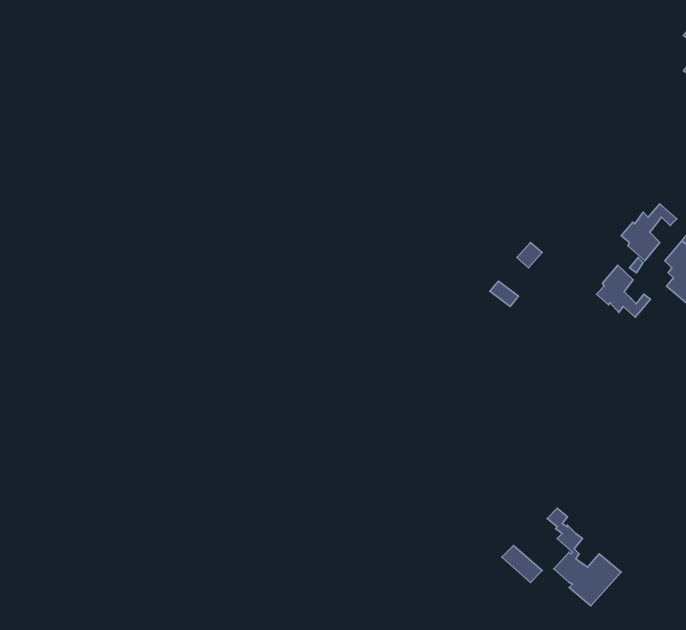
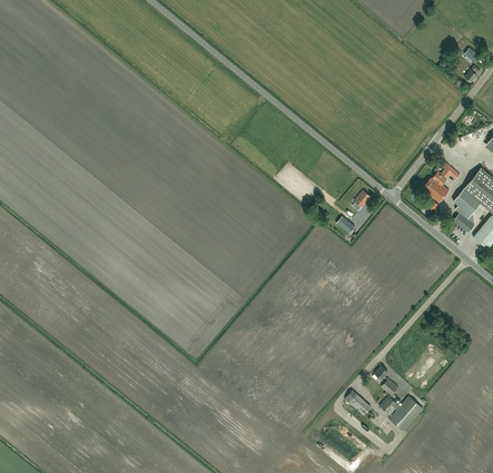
building: [597,265,651,317] -> none

